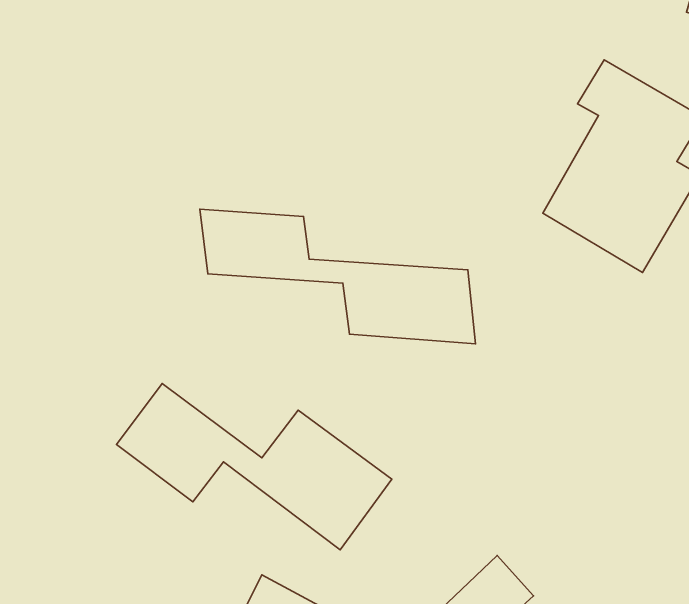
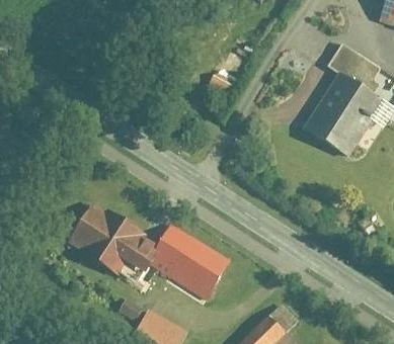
building: [200,209,476,344] -> none

